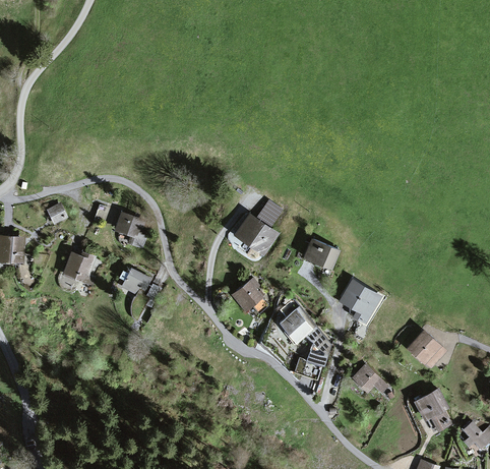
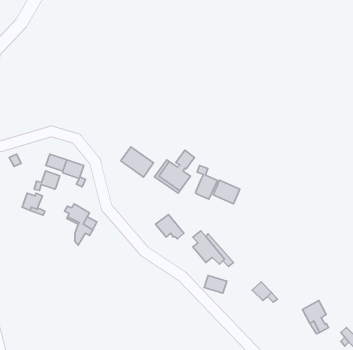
building: none -> [121,147,153,177]
building: none -> [195,165,218,199]
building: none -> [34,171,60,191]
building: [341,281,377,321] -> none
building: [409,332,443,365] -> none

